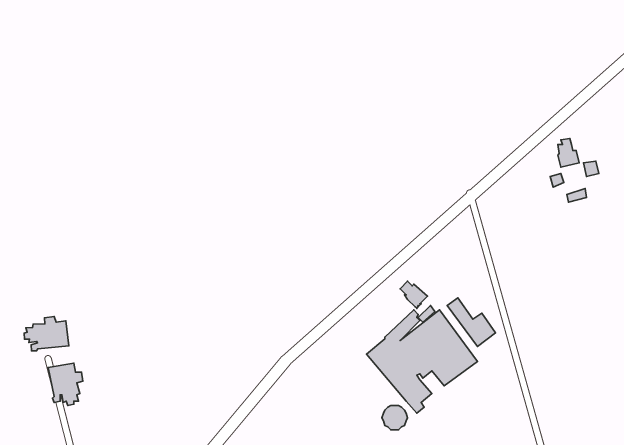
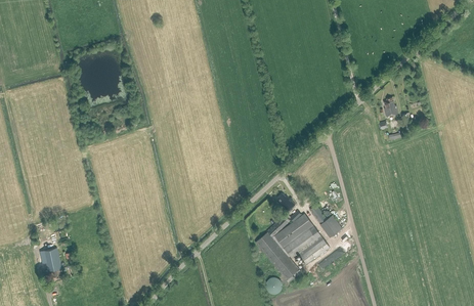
building: [24,317,69,351] -> none

